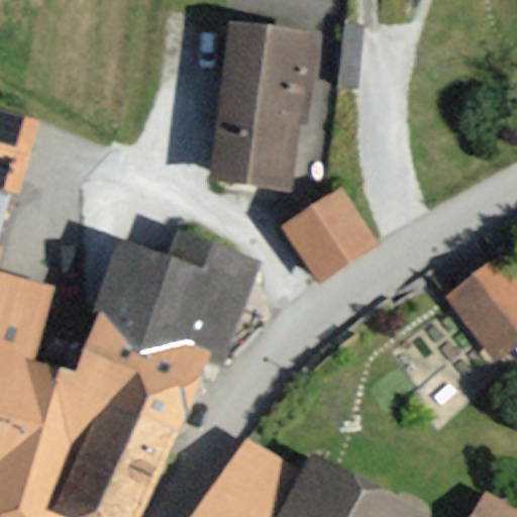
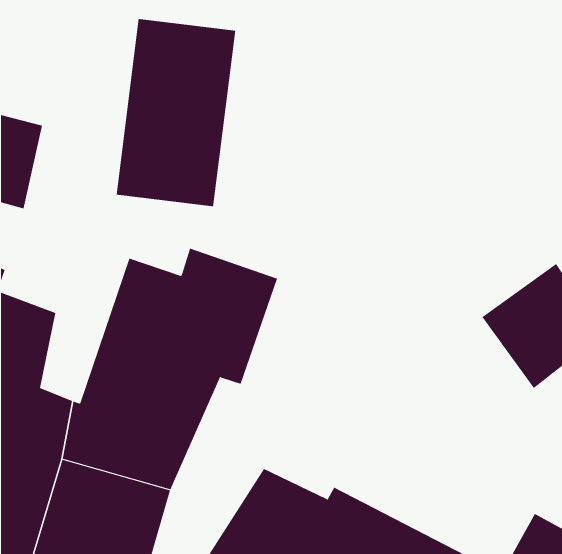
building: [207,19,317,192] -> [116,18,236,207]
building: [278,189,375,286] -> none

